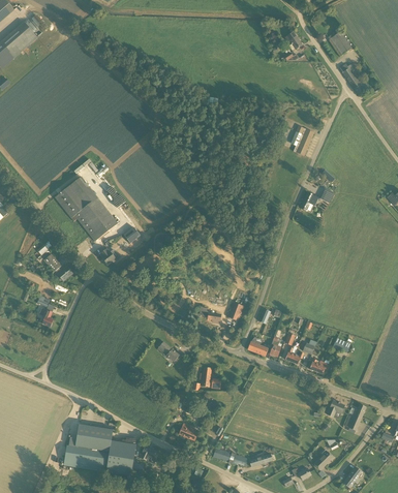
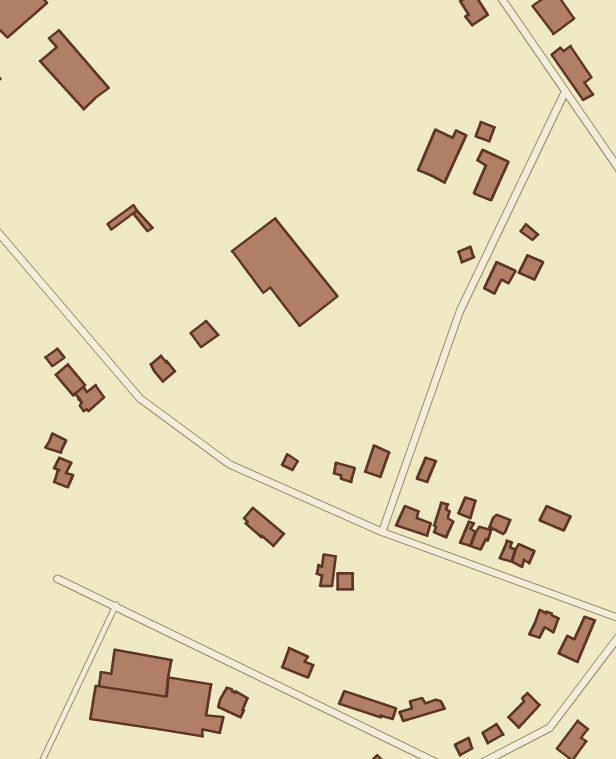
building: none -> [40,30,109,109]
building: none -> [418,130,466,183]
building: [54,176,117,240] -> [232,218,337,326]

